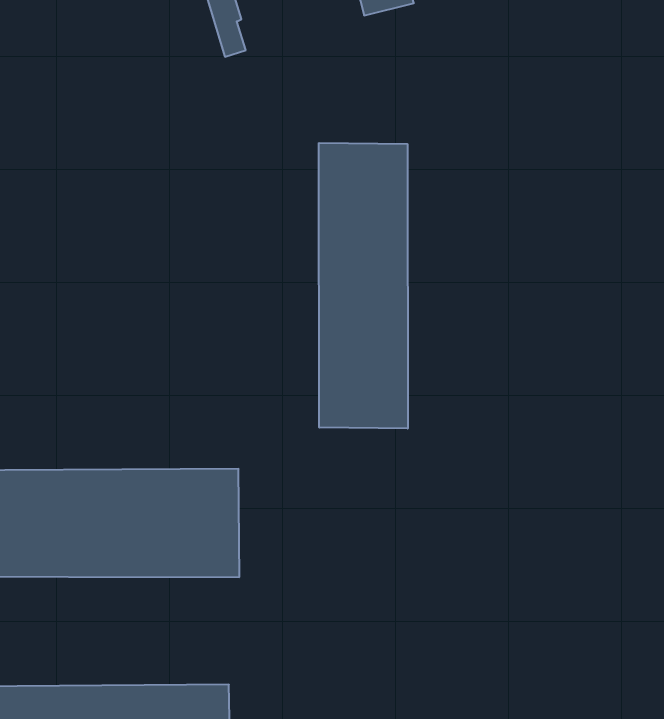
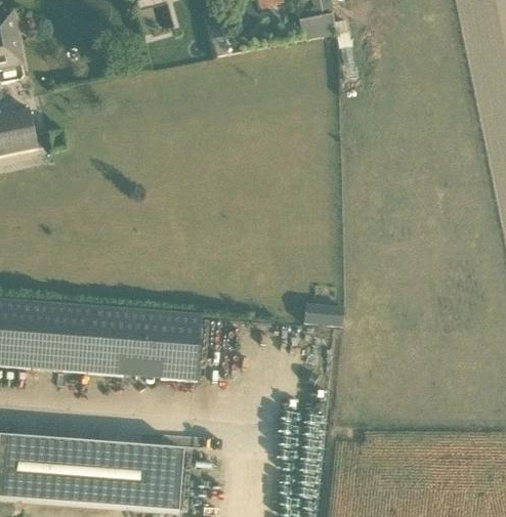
building: [319,143,408,429] -> none
building: none -> [303,302,342,325]

